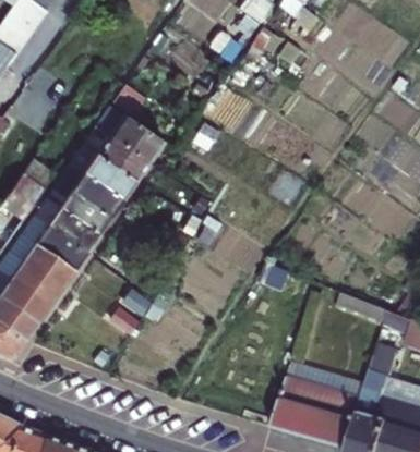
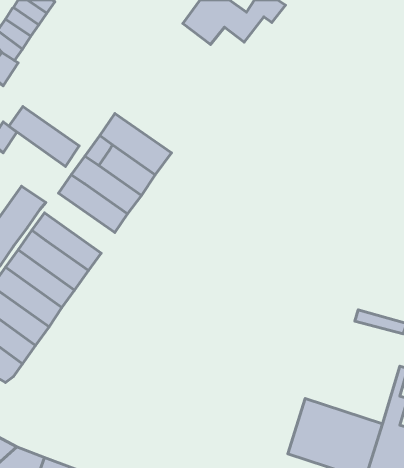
building: [45,183,111,240] -> [9,107,79,166]

